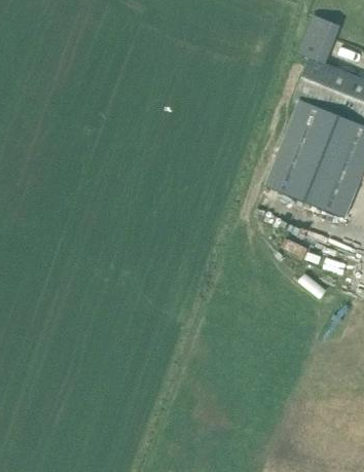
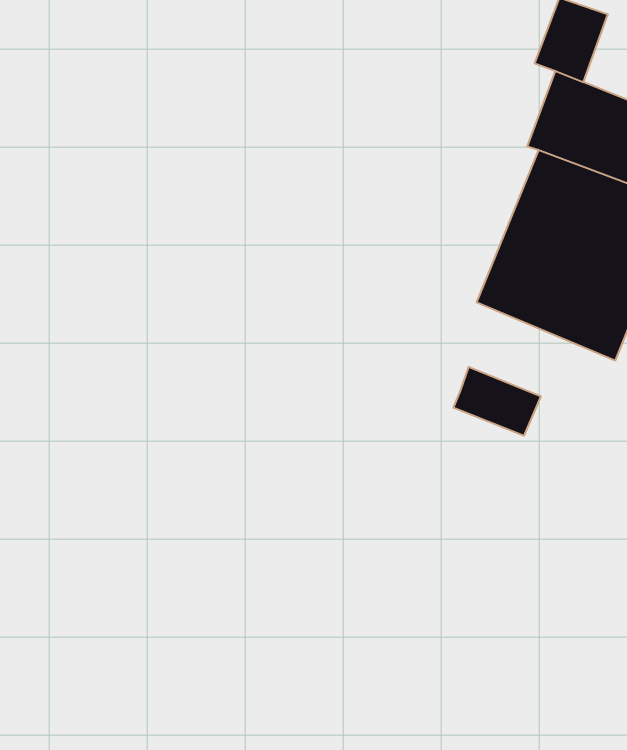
building: none -> [454,367,541,436]

